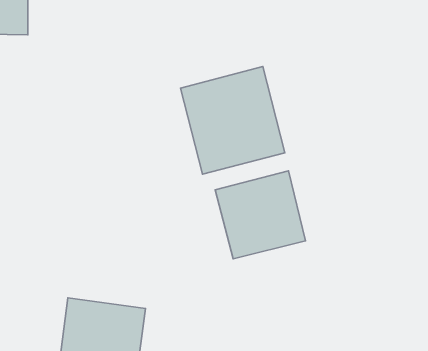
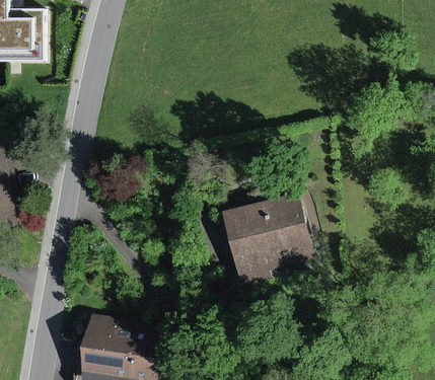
building: [180,67,285,174] -> none

